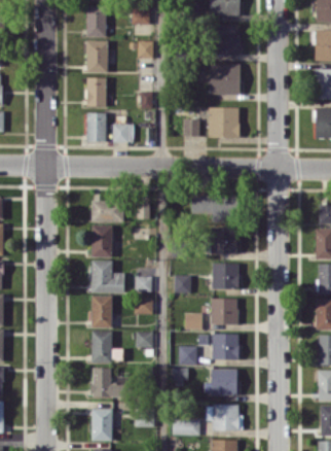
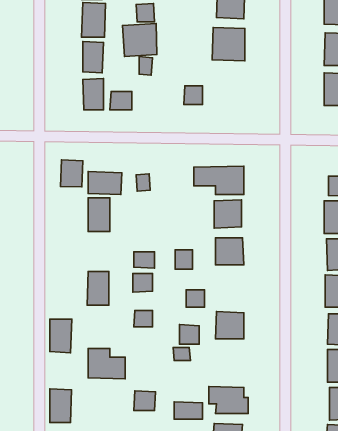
building: none -> [123,24,157,57]
building: [208,107,238,138] -> none
building: none -> [61,160,83,187]
building: [90,261,124,293] -> none
building: [210,298,237,325] -> none
building: [91,332,112,363] -> [50,319,72,353]
building: [211,369,236,395] -> none
building: [91,409,112,441] -> [50,389,72,422]

